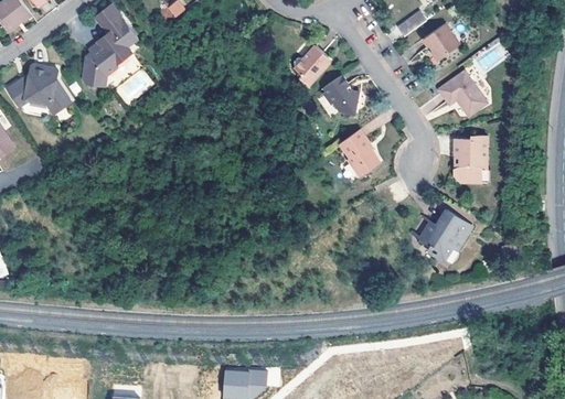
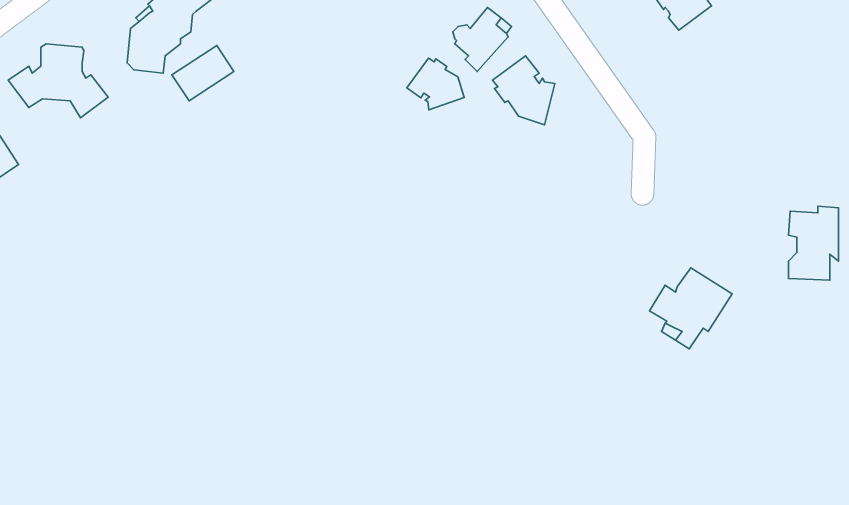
building: [438,72,487,114] -> none
building: none -> [407,58,464,110]
building: [339,129,379,176] -> none
building: [454,136,486,183] -> [788,206,838,280]

